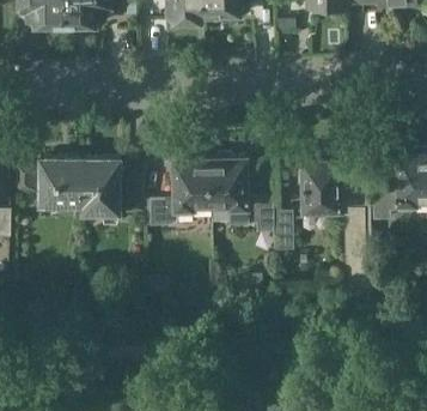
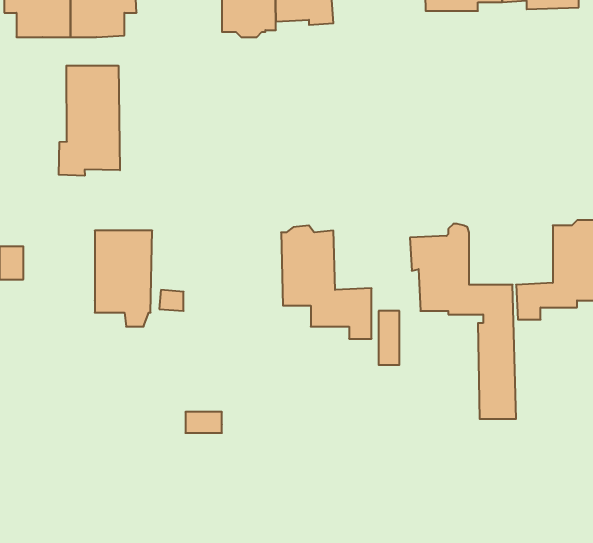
building: none -> [59,66,120,176]
building: [148,158,209,228] -> none
building: [38,161,80,211] -> none

